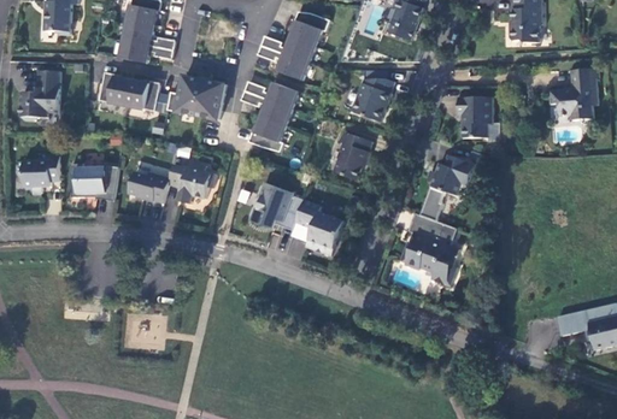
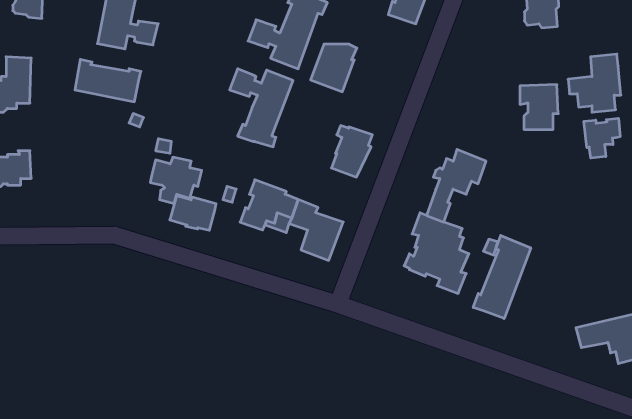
building: [166,76,224,119] -> none
building: [351,78,393,122] -> [311,44,357,92]
building: [457,96,492,137] -> [520,85,558,129]
building: none -> [584,118,620,158]
building: [70,163,118,200] -> none
building: [127,171,169,202] -> [170,196,216,230]
building: none -> [473,235,531,319]

